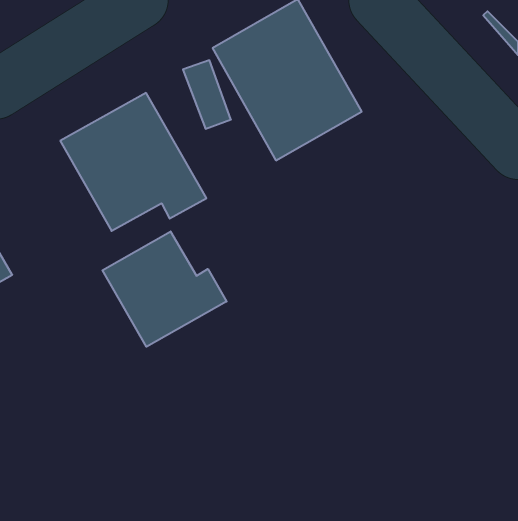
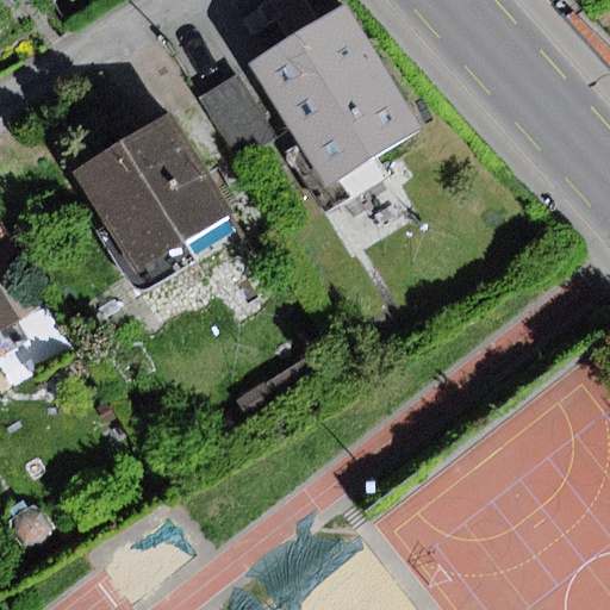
building: [102,231,227,347] -> none

